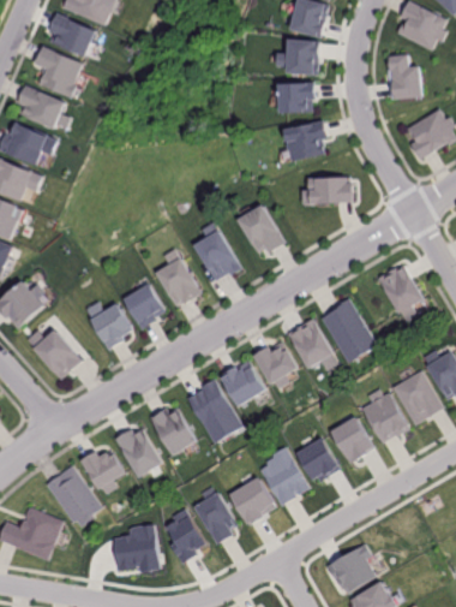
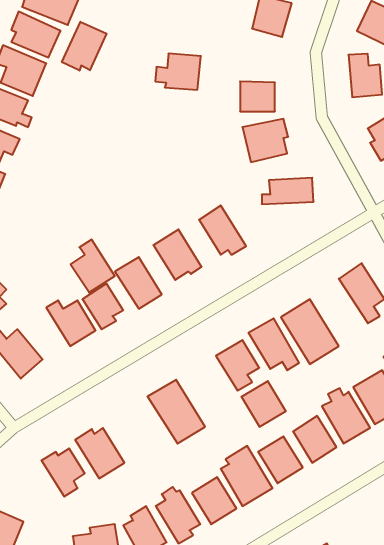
building: none -> [62,22,107,71]
building: [275,38,320,75] -> [155,54,201,90]
building: none -> [71,239,115,293]
building: [220,359,264,405] -> [241,381,286,427]
building: [150,407,197,457] -> none
building: [46,466,104,530] -> none

